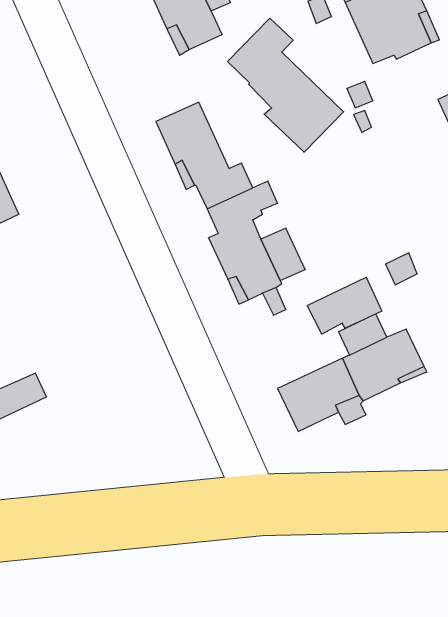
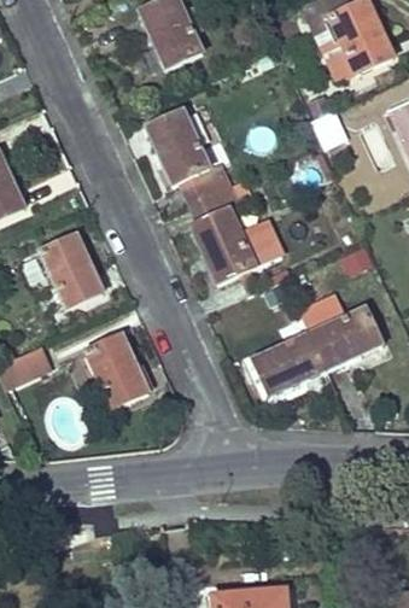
building: [228,18,344,152] -> none
building: none -> [41,234,103,308]
building: [307,277,382,334] -> none
building: none -> [84,334,147,405]

